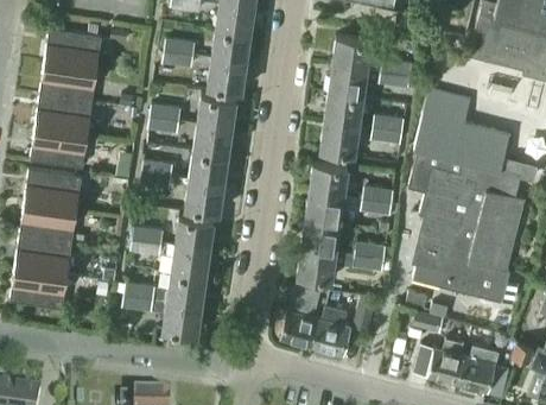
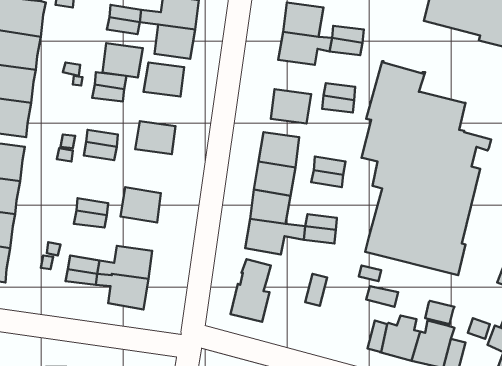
building: [324,90,363,124] -> none
building: [193,121,233,154] -> [102,43,143,77]
building: [185,177,224,210] -> none
building: [171,242,210,276] -> none
building: [312,304,350,353] -> none

